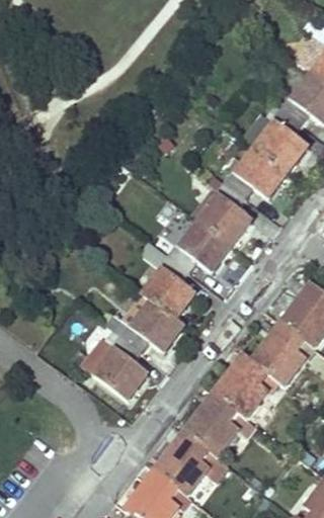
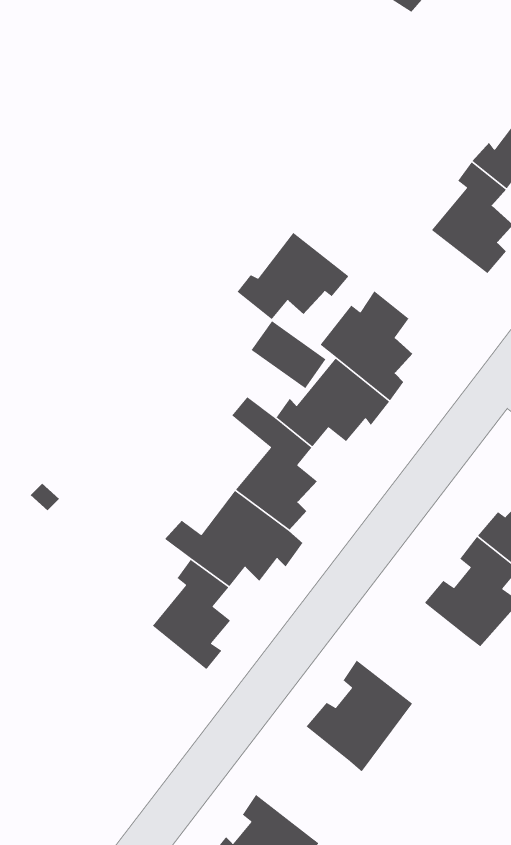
building: [224,146,289,196] -> [236,232,350,320]
building: [214,354,276,417] -> none
building: [156,430,210,494] -> none

